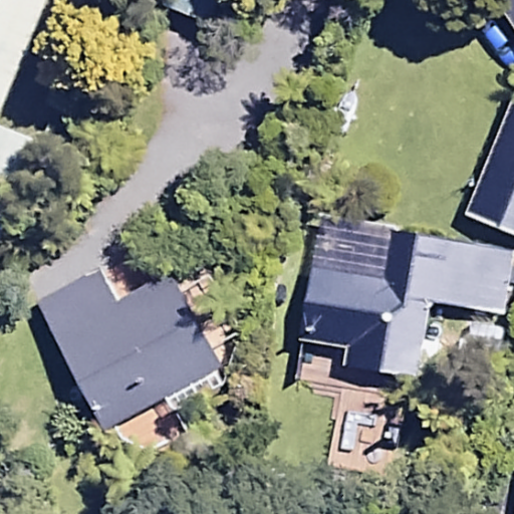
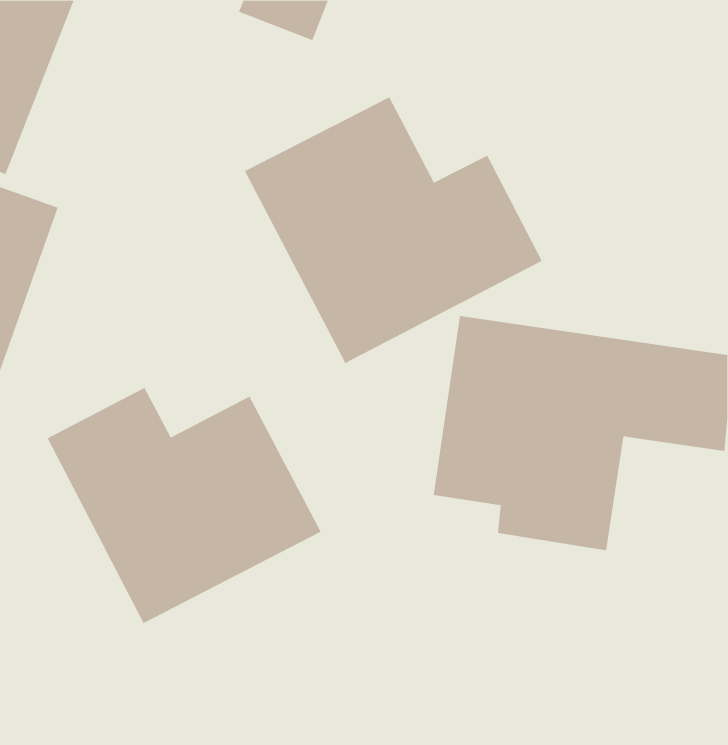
building: none -> [244,96,543,364]

